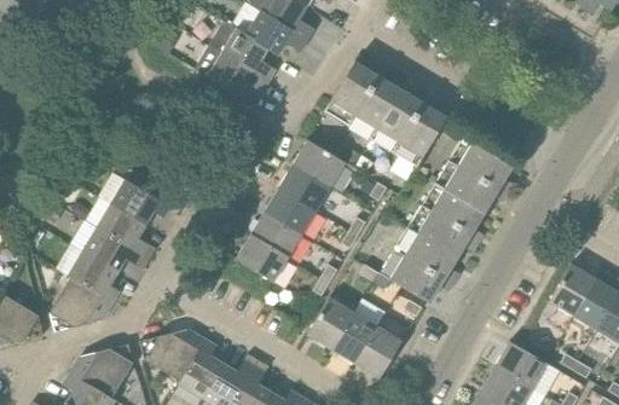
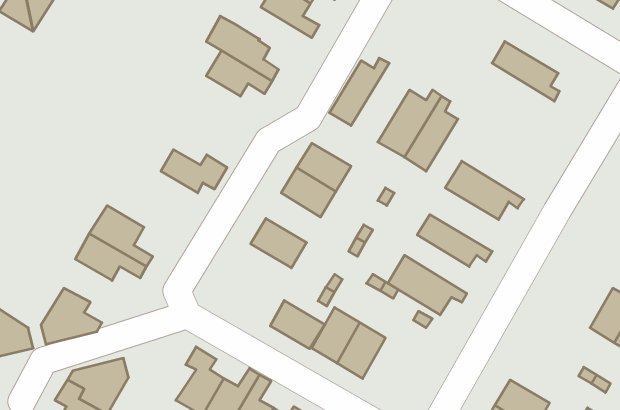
building: [245,11,307,56] -> none
building: [345,64,400,139] -> none
building: [450,137,514,193] -> [492,41,559,101]
building: [112,179,175,220] -> [161,150,227,193]
building: [420,183,485,243] -> none
building: [264,187,316,235] -> none
building: [395,227,459,283] -> none
building: [236,236,288,282] -> [270,300,325,349]
building: [66,250,120,311] -> none
building: [542,264,594,318] -> none
building: [355,325,401,378] -> none
building: [140,329,197,381] -> none
building: [496,341,548,387] -> none

